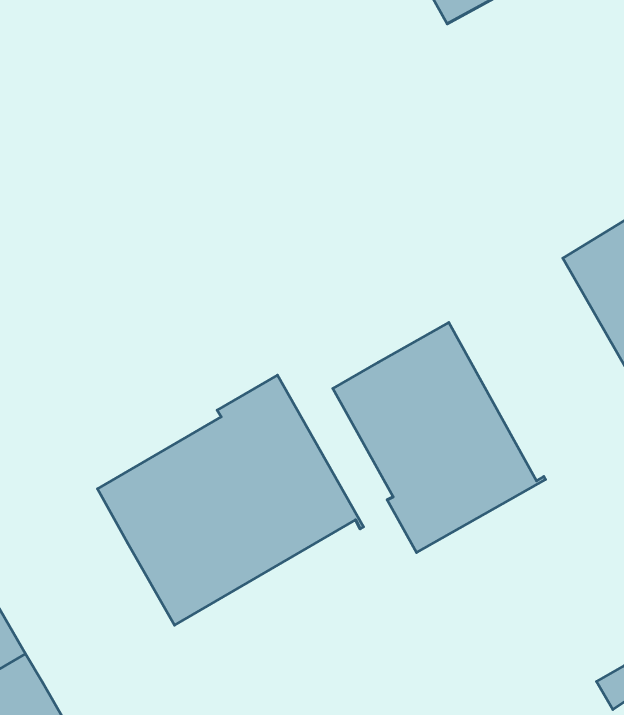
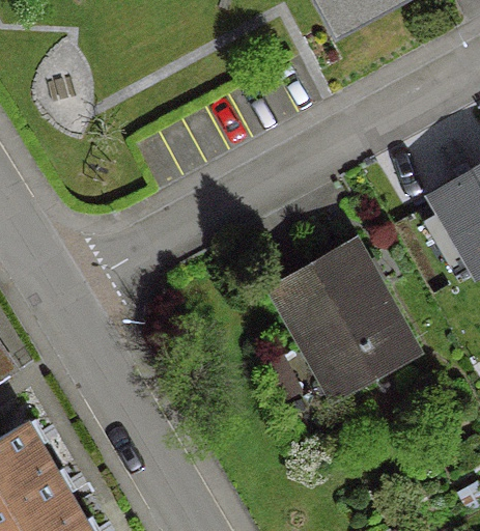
building: [97,375,364,625] -> none

